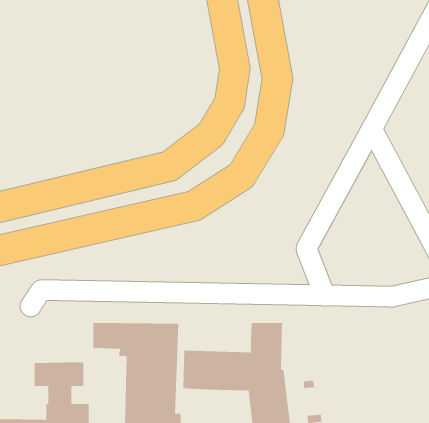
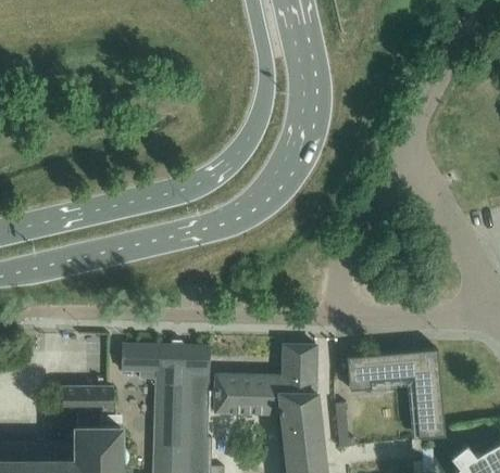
building: none -> [347,350,446,439]

